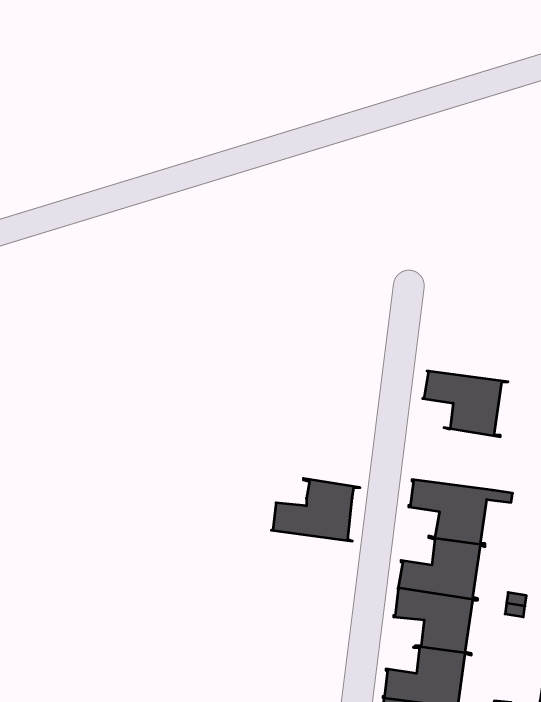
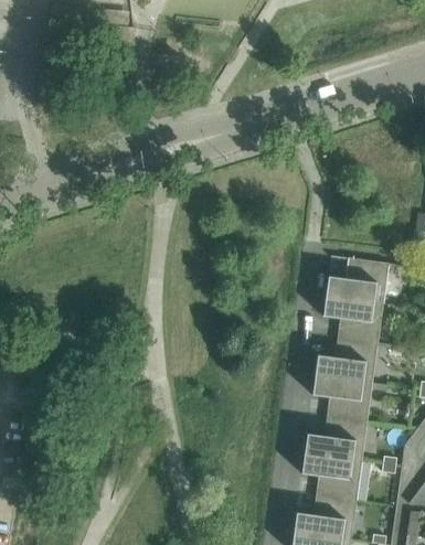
building: none -> [323,256,383,304]
building: [271,478,360,541] -> [312,338,376,383]

